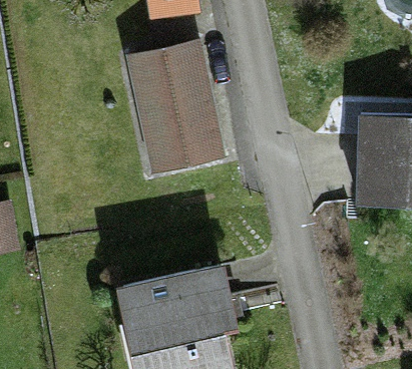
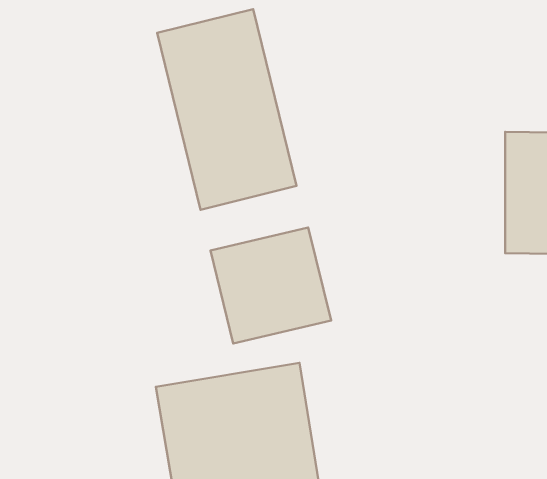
building: none -> [210,228,331,343]

